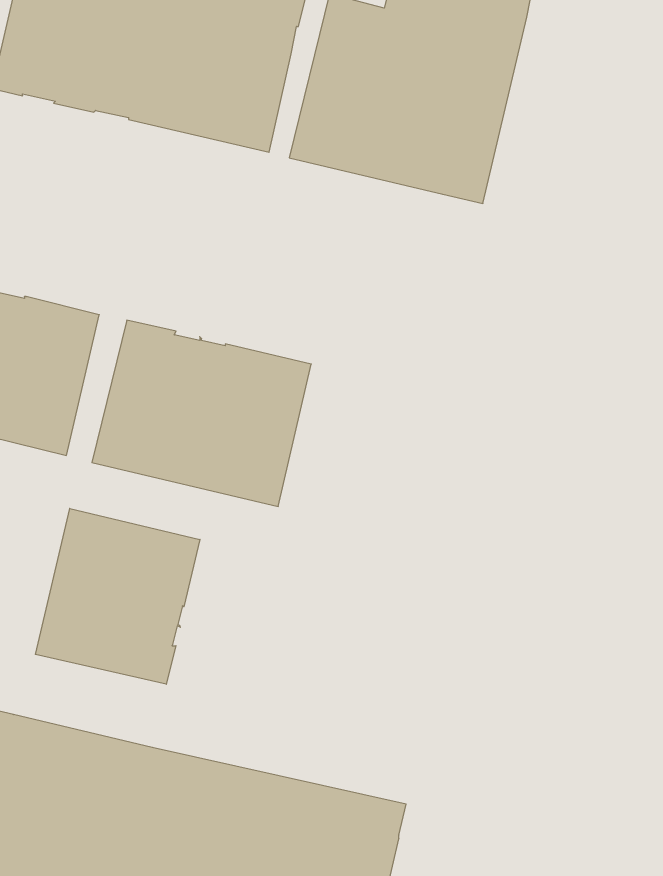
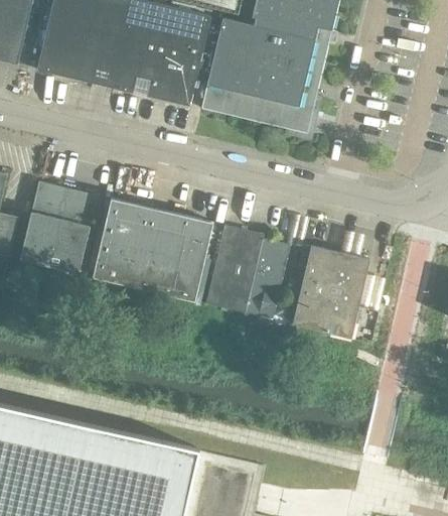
building: none -> [205,225,290,315]
building: none -> [285,244,378,342]
building: [35,508,200,684] -> none

